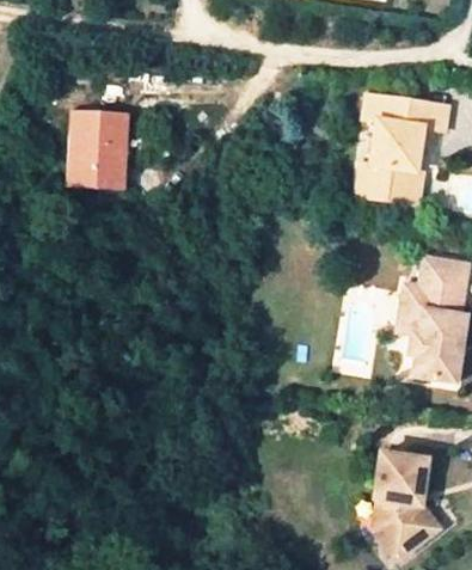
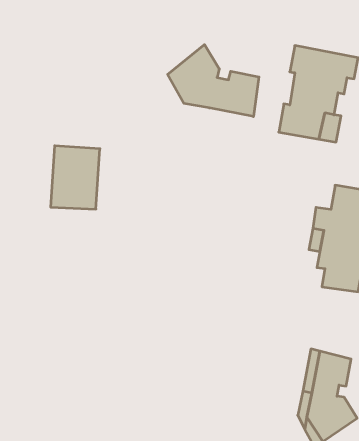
building: none -> [168,45,259,117]
building: [65,112,123,188] -> [51,146,100,209]

